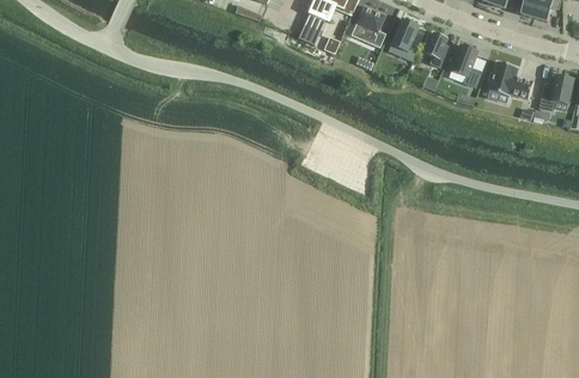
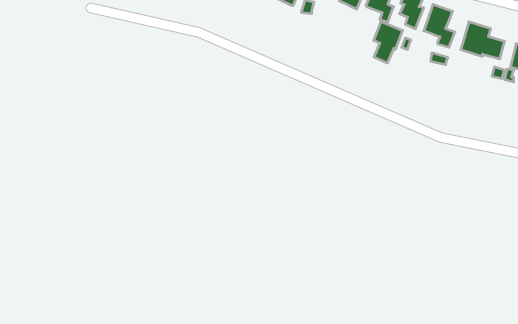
building: none -> [374,22,403,63]

